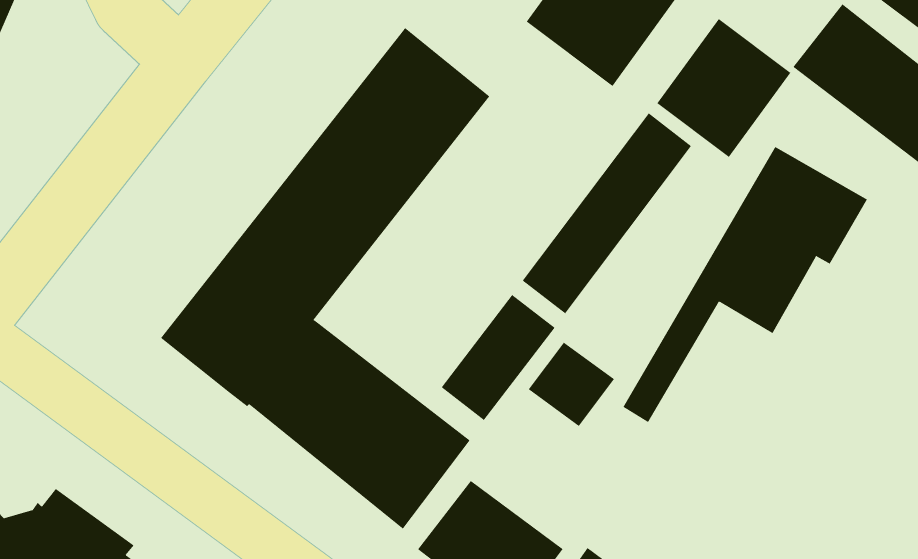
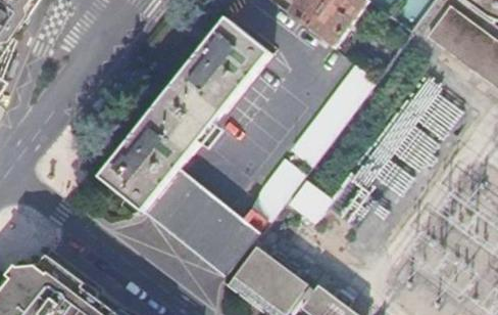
building: [656,18,791,158] -> none

